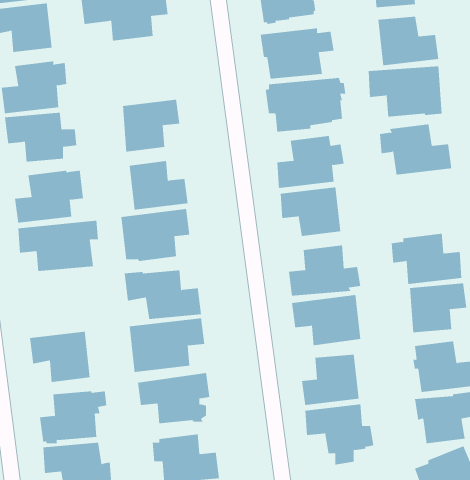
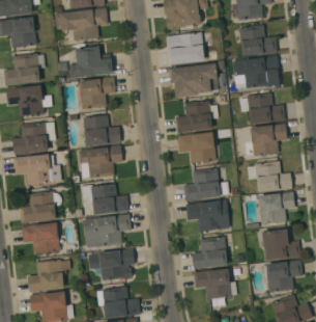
building: none -> [68,47,112,78]
building: none -> [242,124,286,157]
building: none -> [18,190,61,223]

